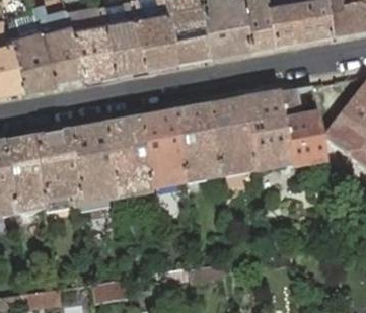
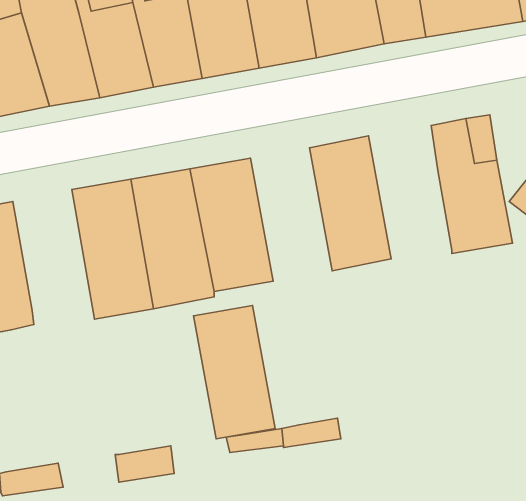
building: [238,92,287,171] -> none
building: [169,105,217,183] -> [194,306,275,439]
building: [30,130,78,212] -> none

